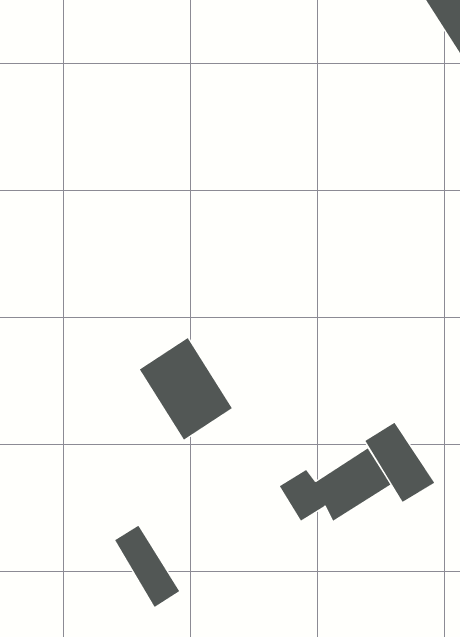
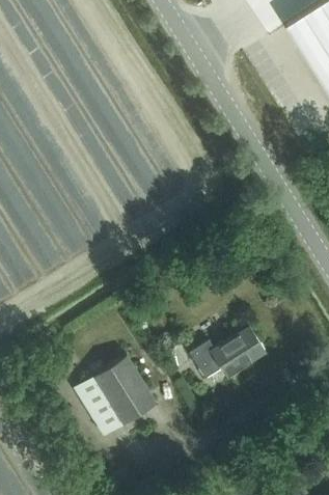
building: [139,337,233,440] -> [92,356,156,425]
building: [364,422,435,503] -> none

